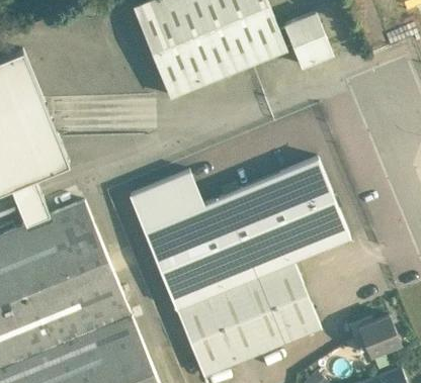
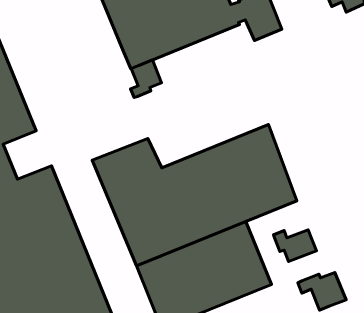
building: none -> [130,60,161,97]
building: none -> [274,230,317,262]

